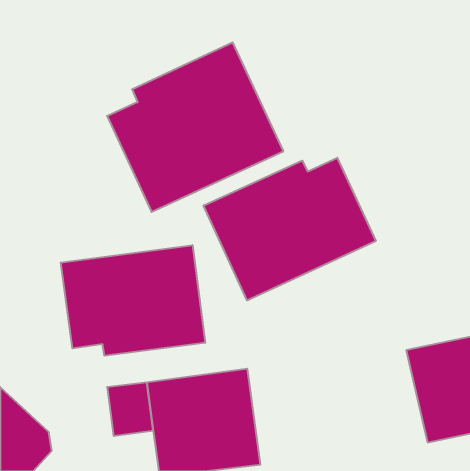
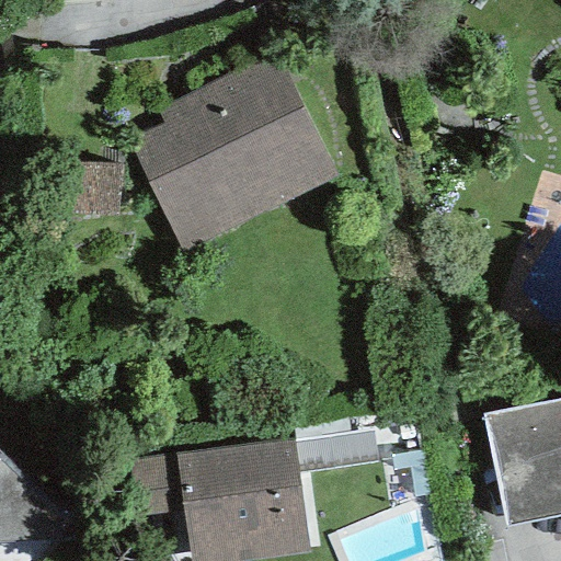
building: [204,158,376,300] -> none
building: [61,245,205,356] -> none

